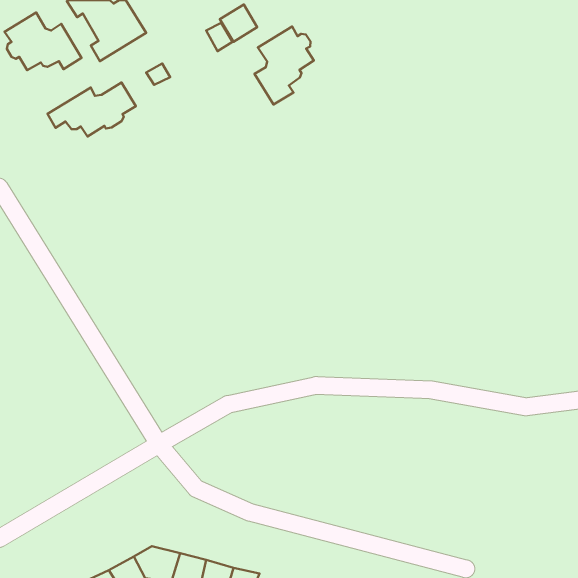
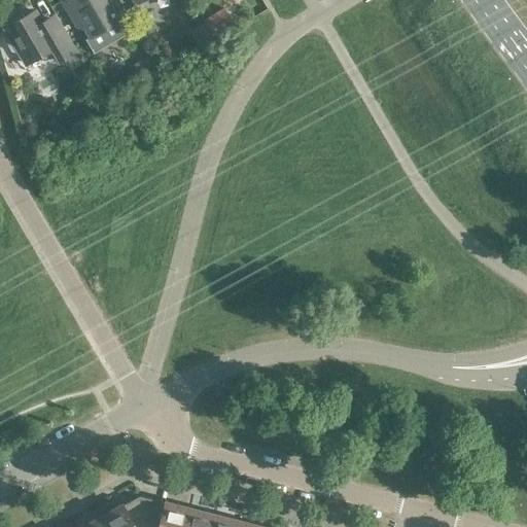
building: [254,26,314,104] -> none
building: [47,82,136,136] -> none

